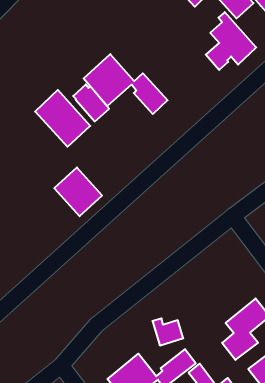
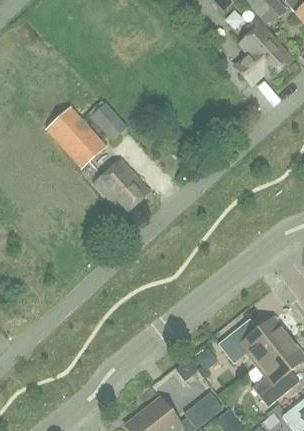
building: [84,54,168,114] -> none
building: [54,167,102,216] -> [96,159,149,213]
building: none -> [219,316,290,363]

